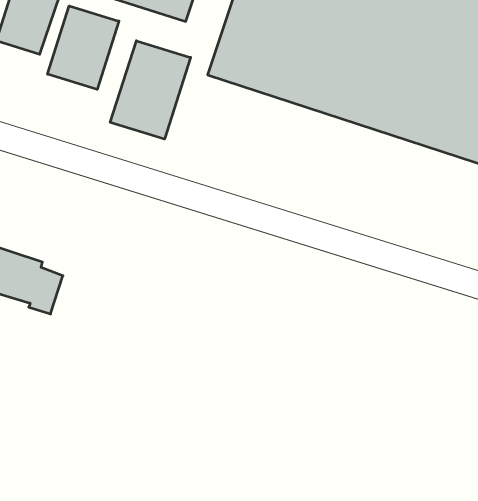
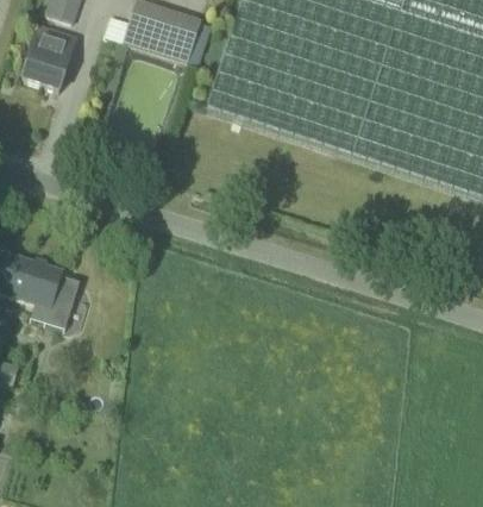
building: [48,6,119,89] -> none
building: [110,41,191,139] -> none

